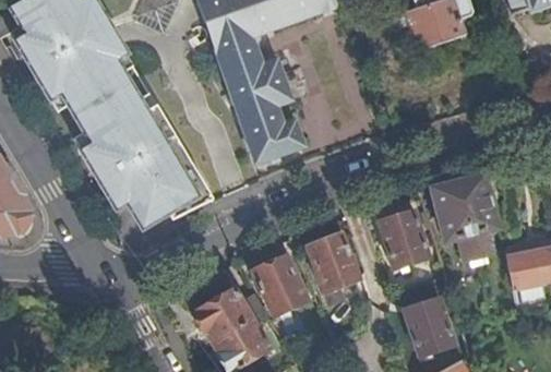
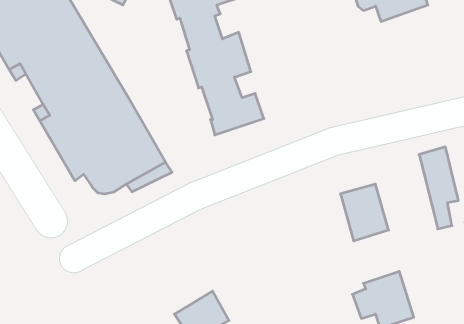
building: [433,182,477,260] -> none
building: [308,237,356,313] -> none
building: [255,256,306,315] -> none
building: [193,286,252,341] -> none

